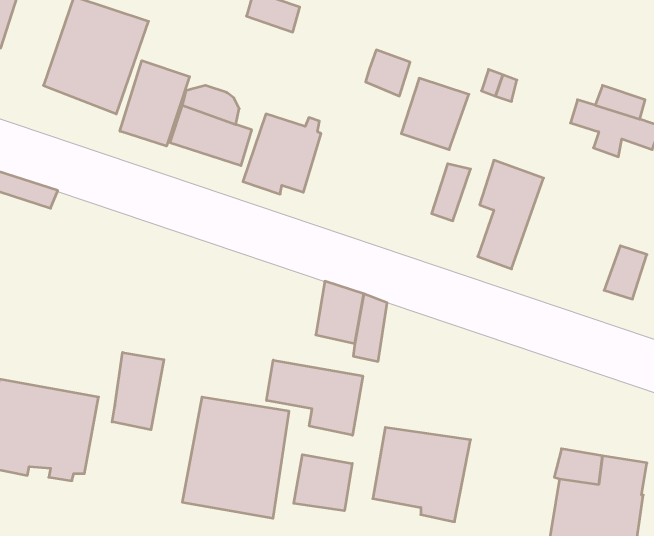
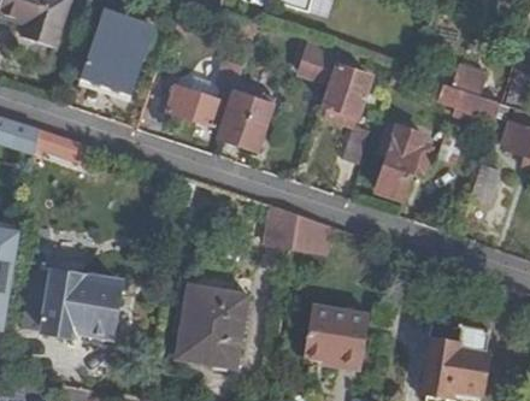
building: [120,61,190,146] -> none
building: [112,352,164,430] -> none
building: [267,360,363,435] -> none
building: [294,455,352,511] -> none

